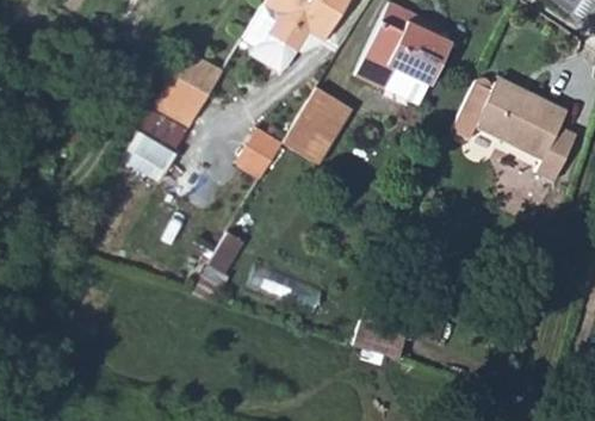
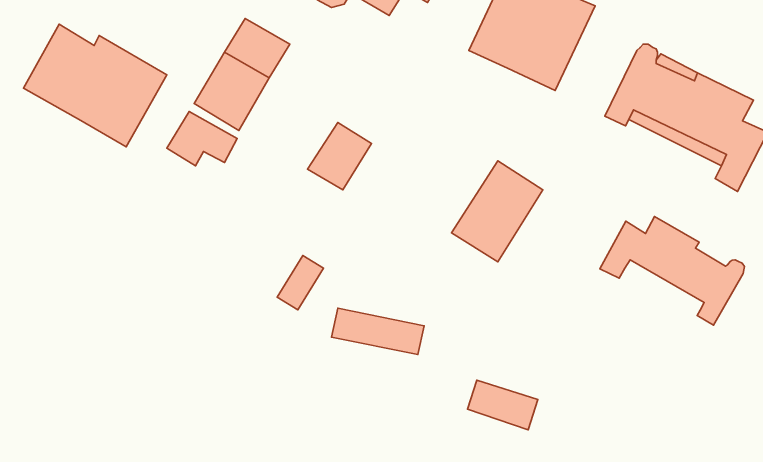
building: none -> [24,24,167,147]
building: [283,89,351,165] -> [452,161,543,262]
building: none -> [600,216,744,325]

